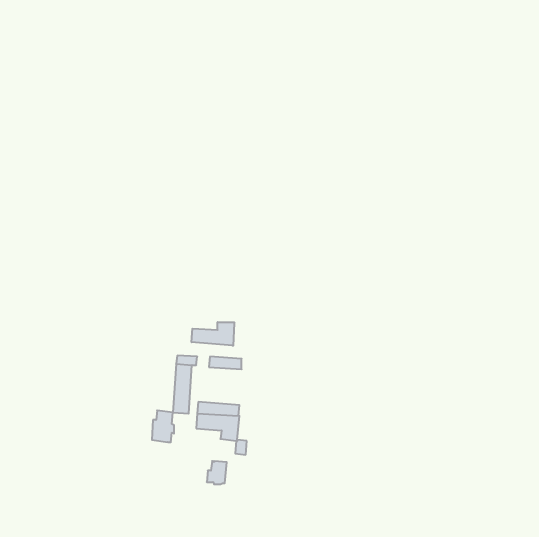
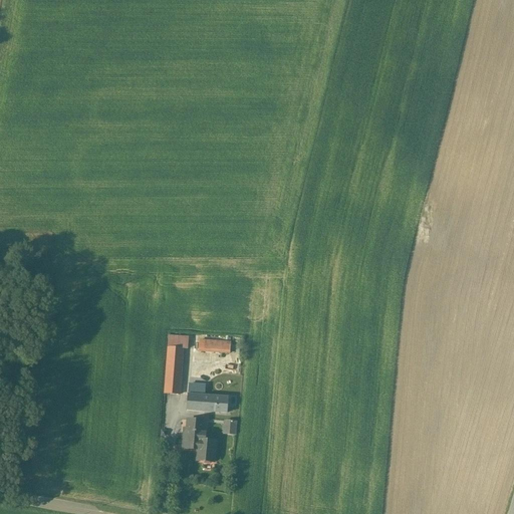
building: [192,322,234,346] -> none
building: [152,410,174,442] -> [183,418,204,448]

